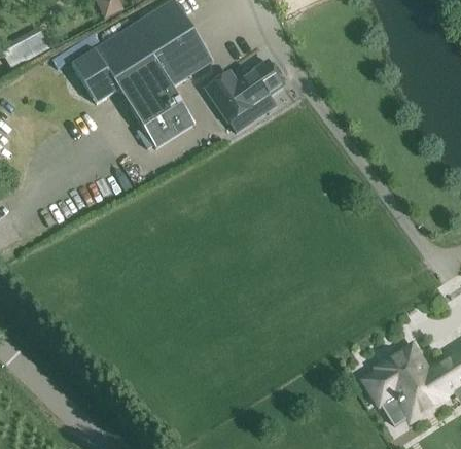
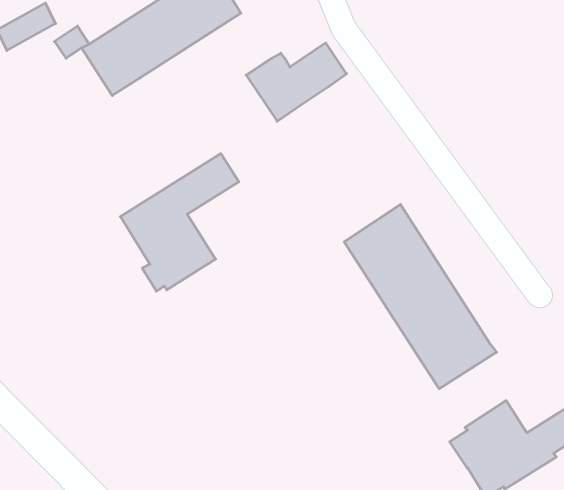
building: [119,37,214,147] -> [120,154,239,291]
building: none -> [344,204,497,389]

